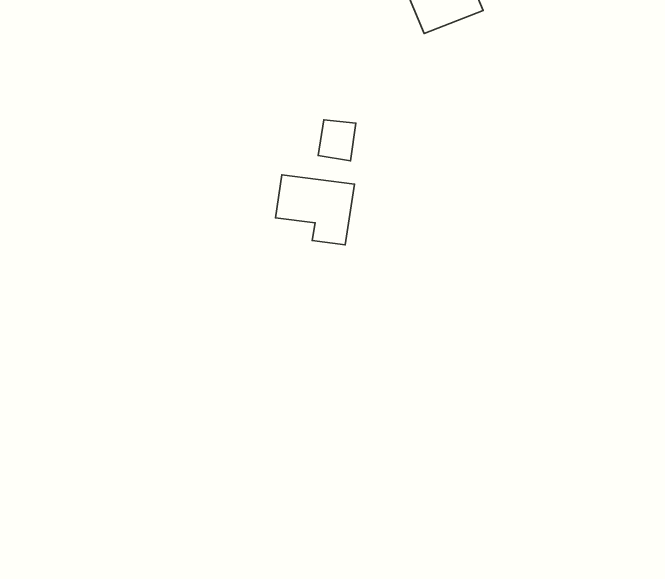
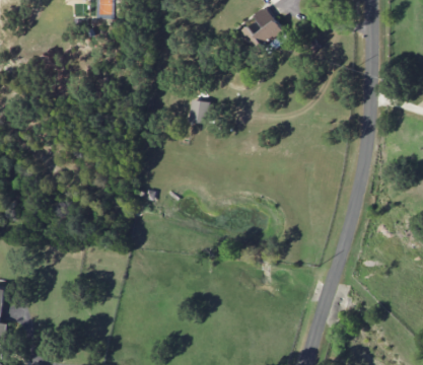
building: [276,175,354,245] -> none

